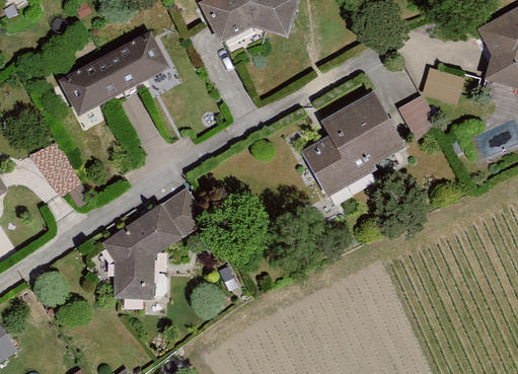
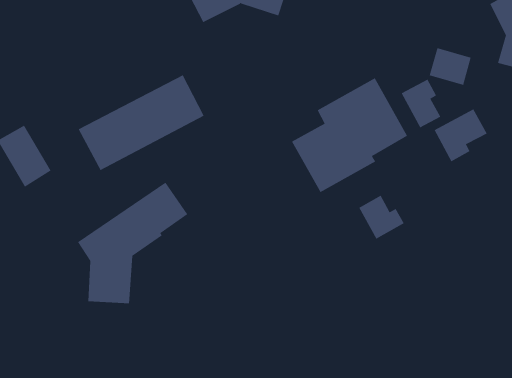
building: [56,30,170,118] -> [78,74,204,171]
building: none -> [434,109,488,162]
building: none -> [359,195,404,239]

